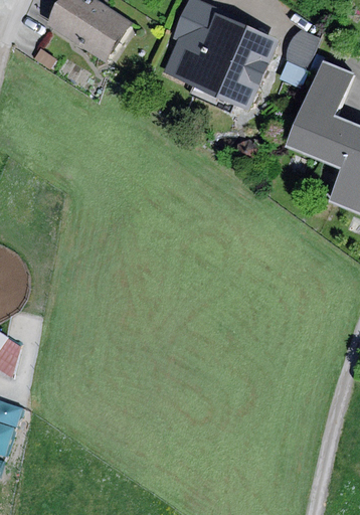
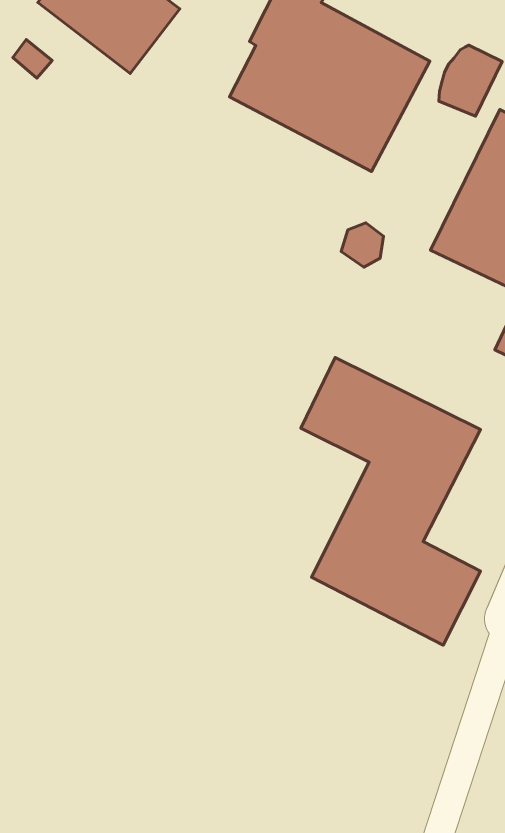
building: none -> [301,357,480,645]

